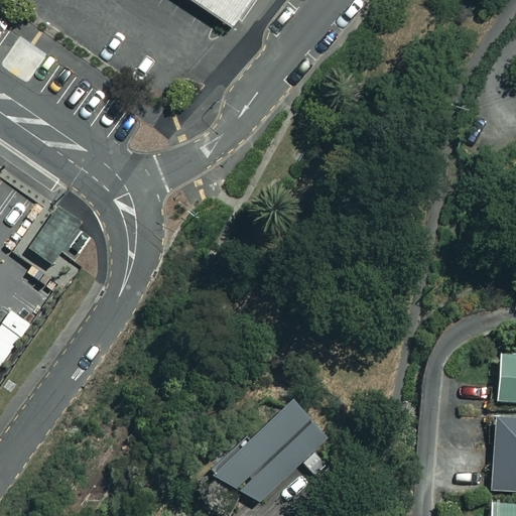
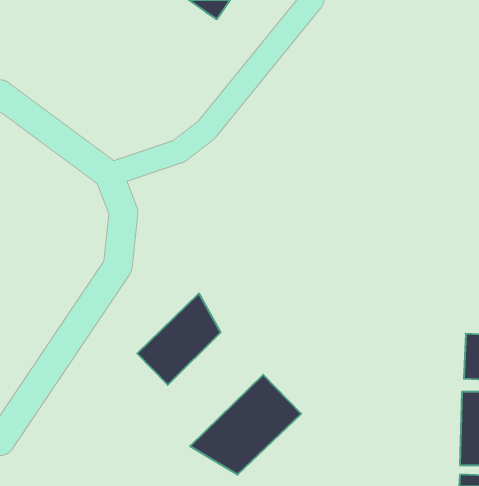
building: none -> [137,293,220,385]

